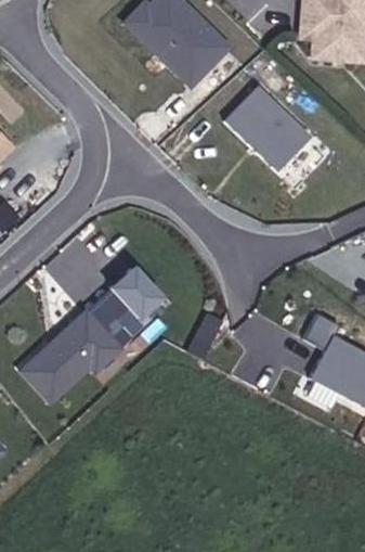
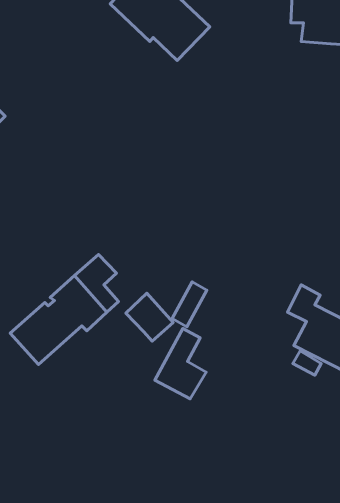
building: [224,90,309,174] -> none
building: [112,266,160,316] -> [126,293,173,341]
building: none -> [155,328,206,399]

